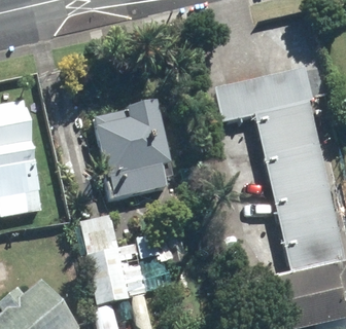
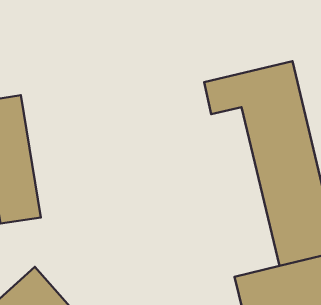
building: [98,99,169,196] -> none
building: [82,215,146,304] -> none

